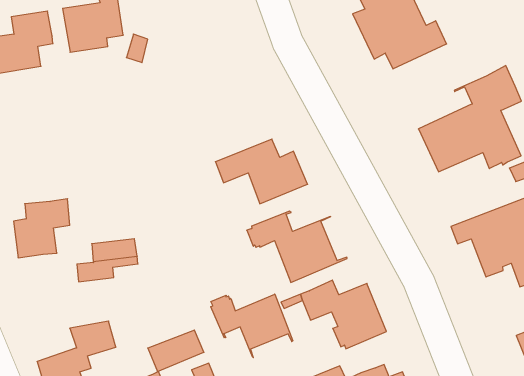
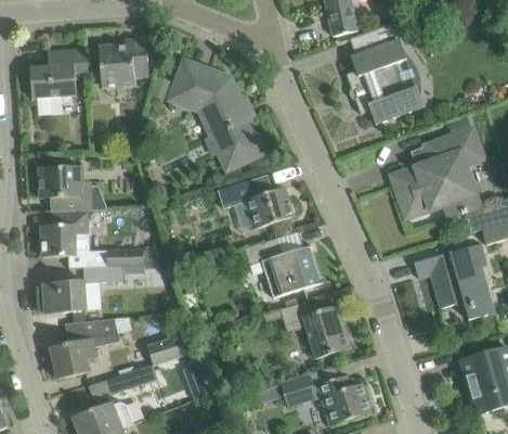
building: none -> [171,61,263,167]
building: none -> [39,166,93,209]
building: none -> [44,279,86,312]
building: [211,294,293,358] -> none

